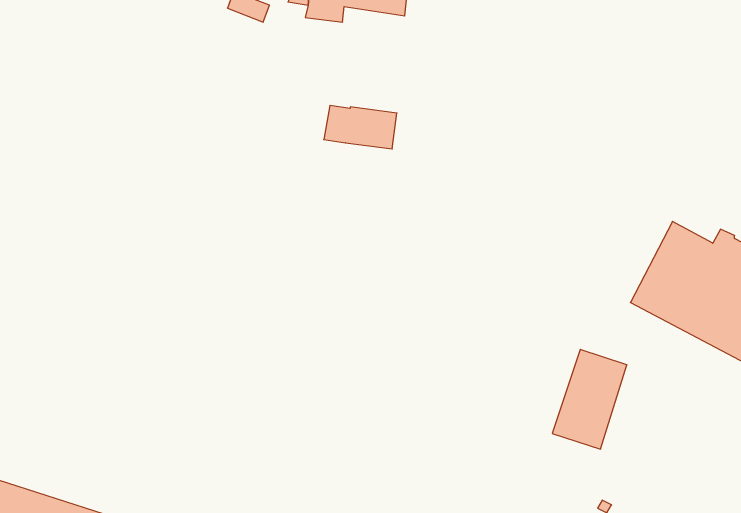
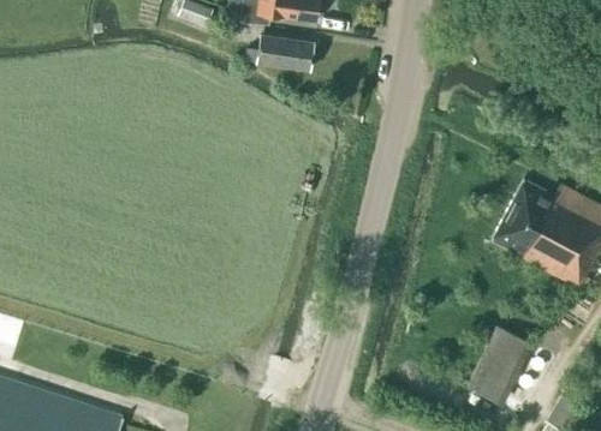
building: [324,105,397,149] -> [256,36,313,70]
building: [552,349,627,449] -> [474,317,531,394]

